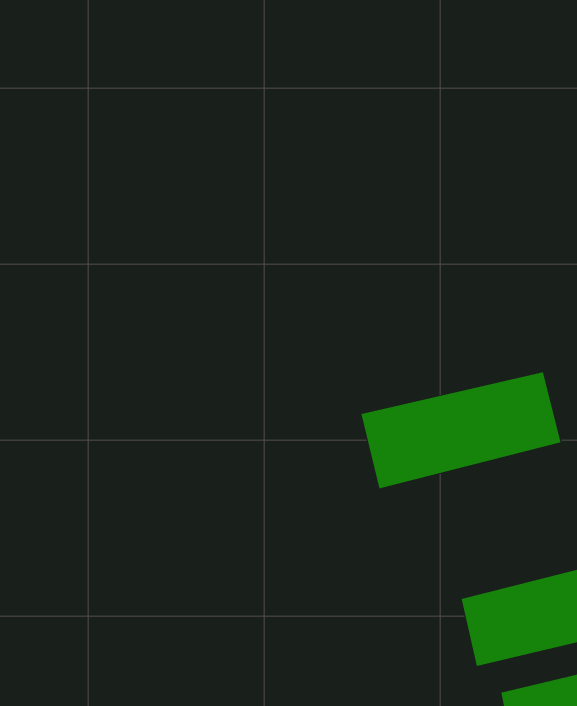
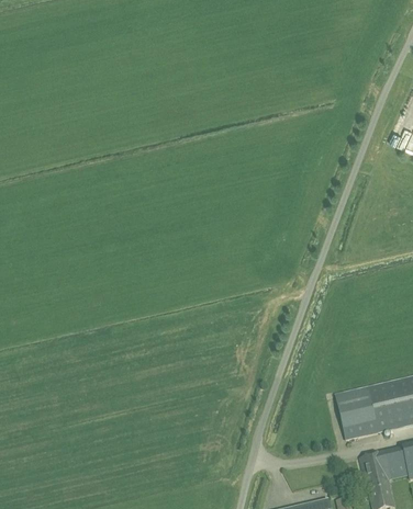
building: [361,371,561,489] -> none

